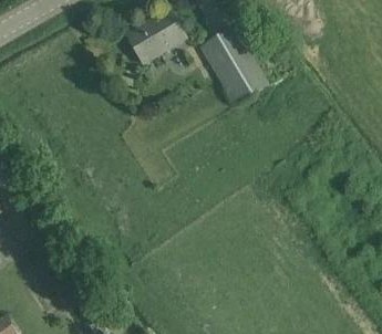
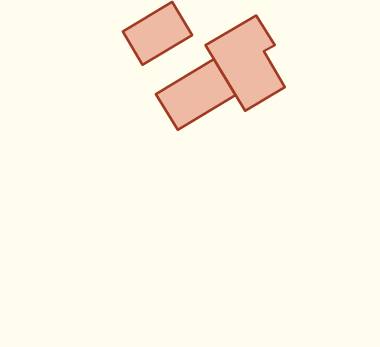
building: none -> [156,59,236,130]

